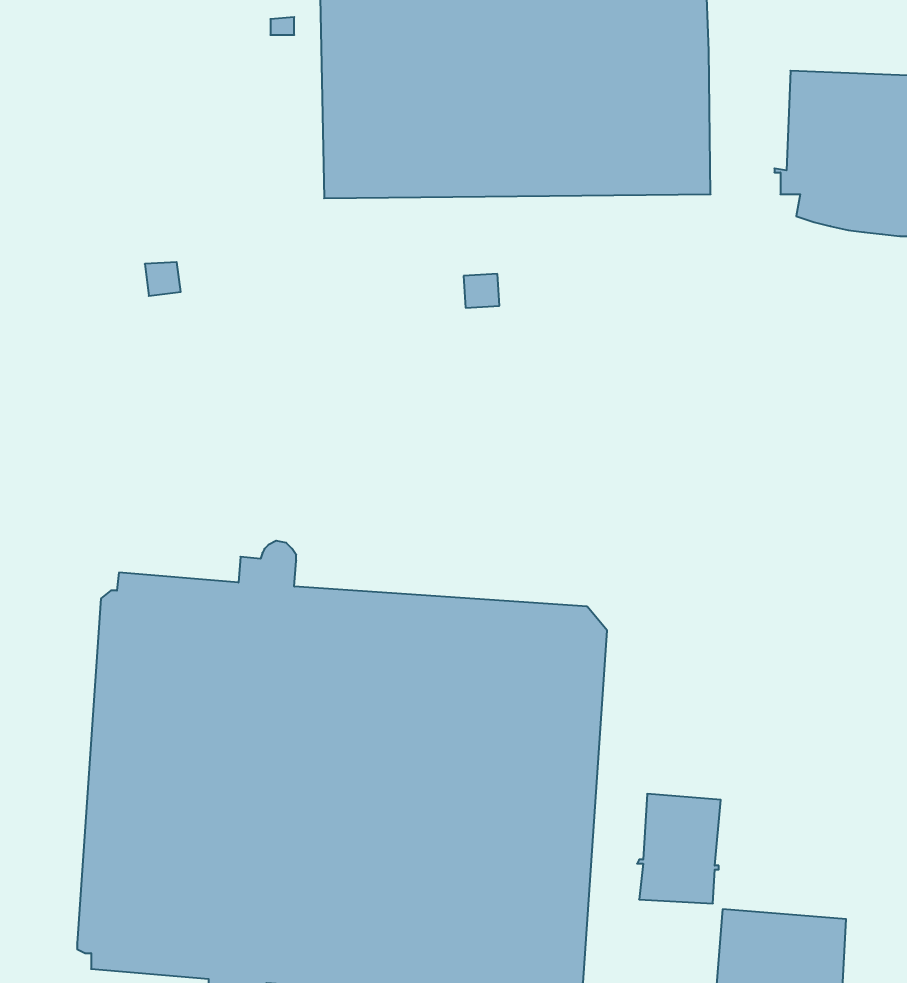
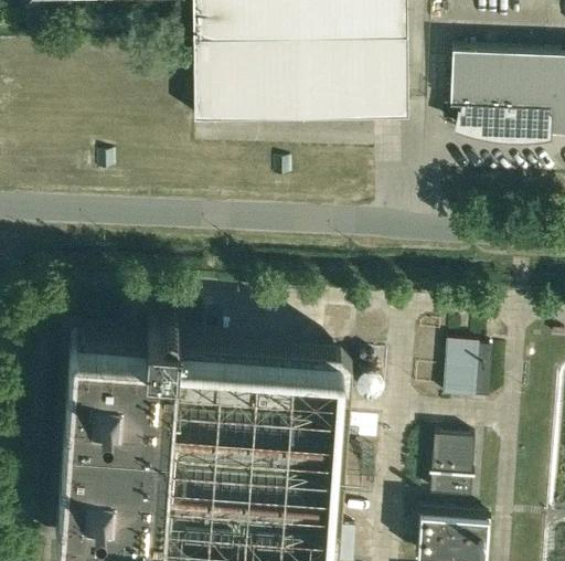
building: none -> [444,343,491,401]
building: [637,794,721,903] -> [428,435,475,496]

